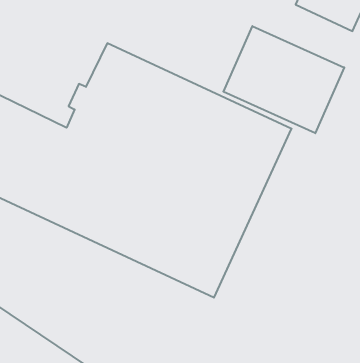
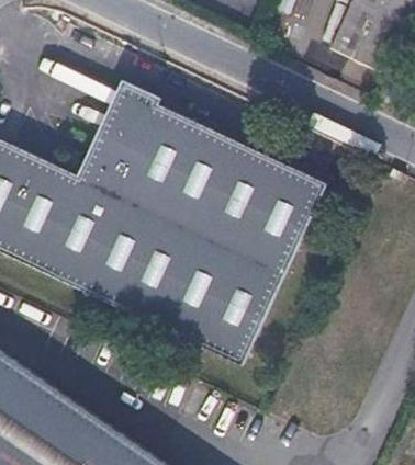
building: [223,26,344,133] -> none

